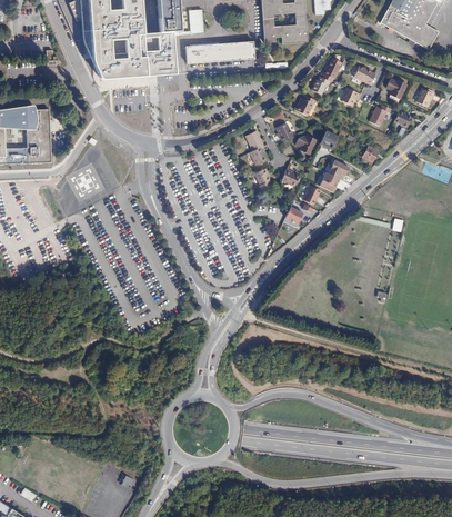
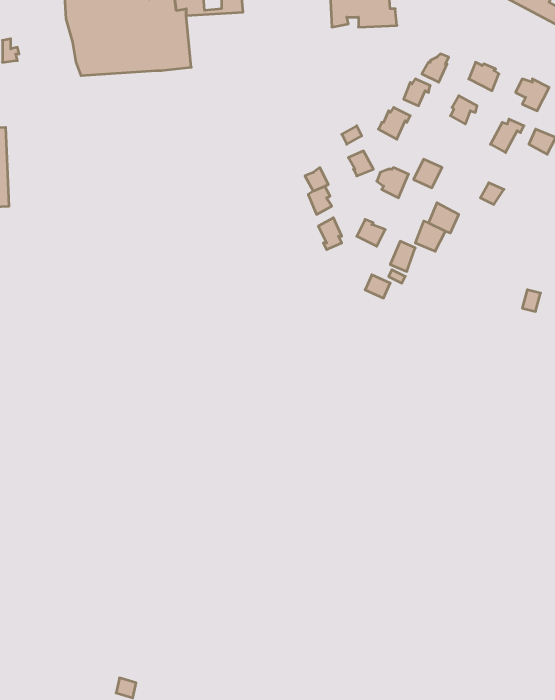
building: [185,41,254,62] -> none

